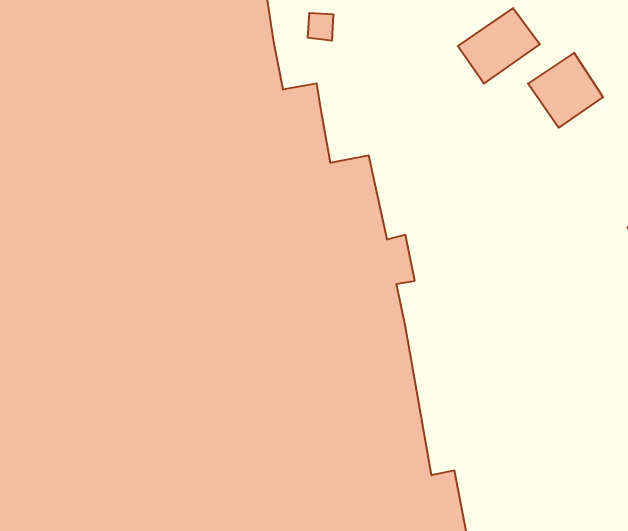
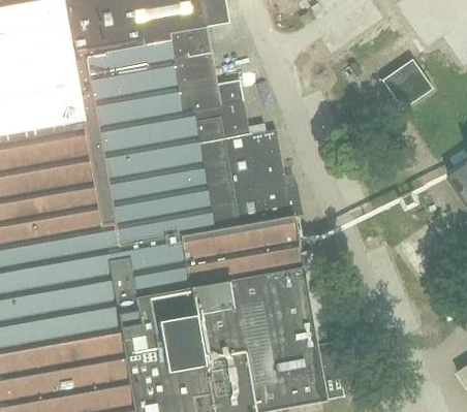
building: [458,8,540,84] -> none

